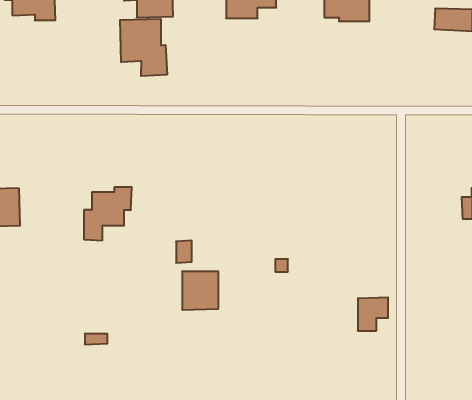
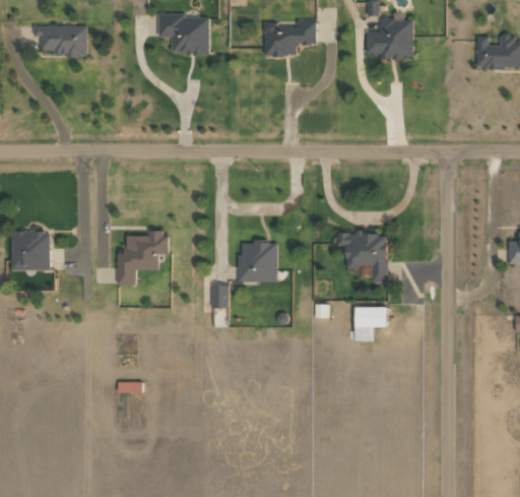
building: [120,19,167,76] -> none
building: none -> [337,232,387,282]
building: [182,271,218,310] -> [239,242,276,282]
building: [358,297,388,331] -> [354,306,386,340]

